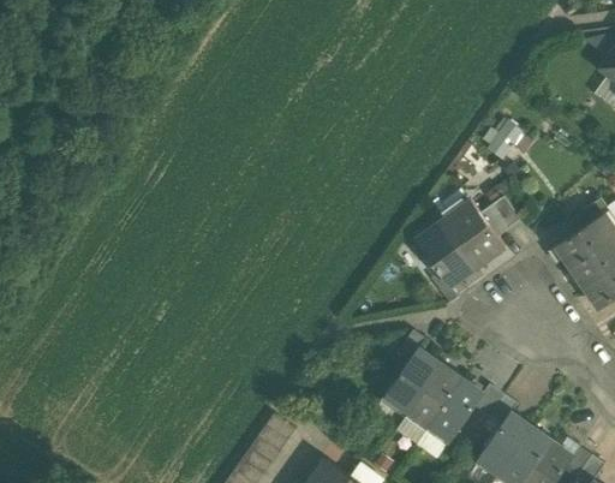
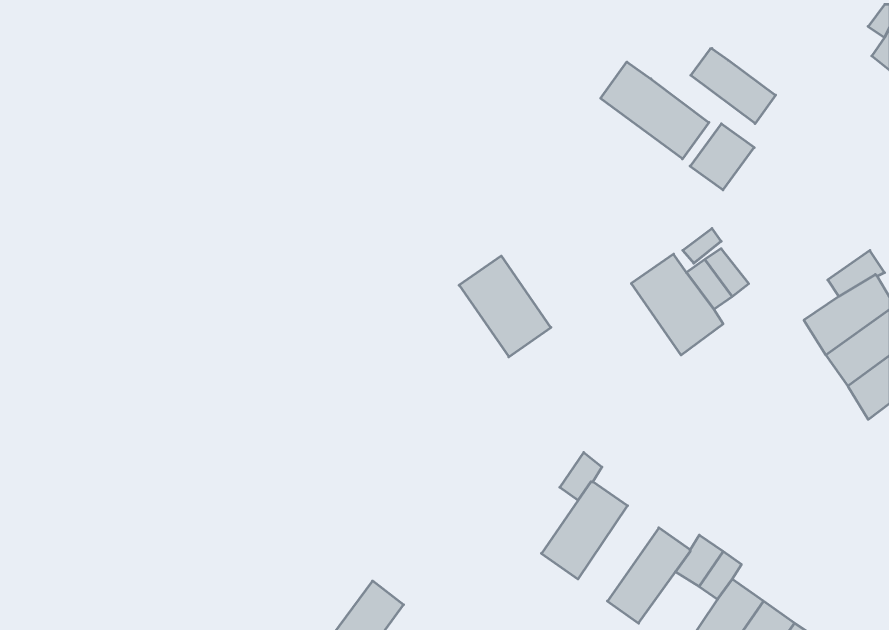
building: none -> [691,48,776,124]
building: none -> [601,62,709,159]
building: [417,220,477,286] -> [459,256,551,357]
building: [410,365,462,428] -> none

